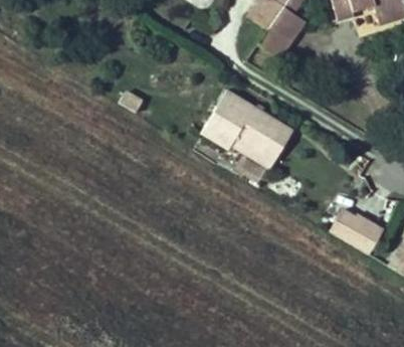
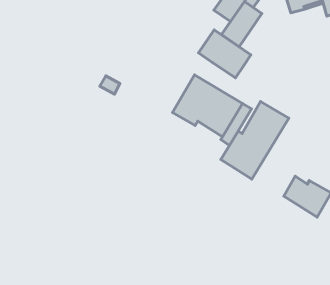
building: none -> [199,30,251,78]
building: none -> [221,101,289,179]

